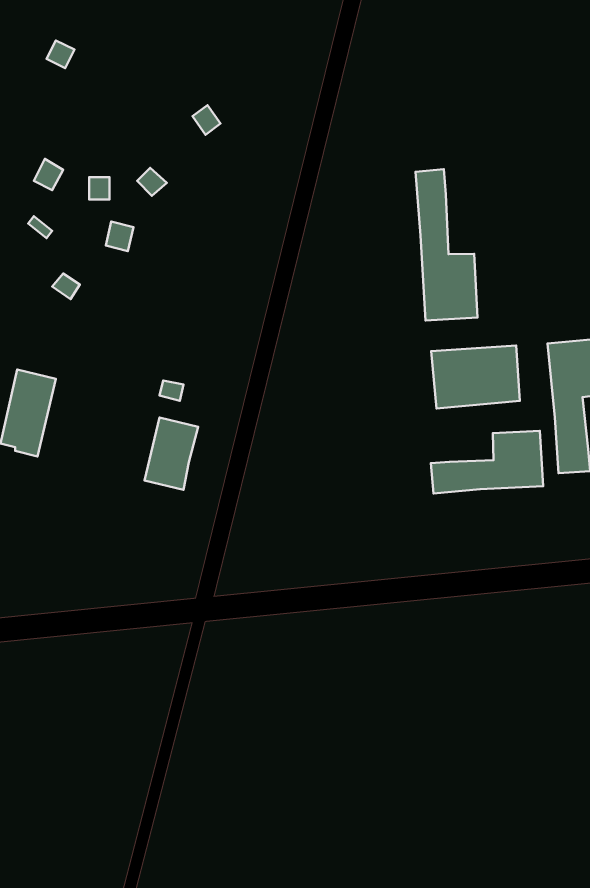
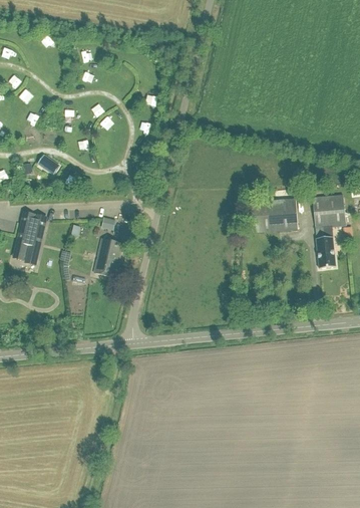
building: [415,169,478,320] -> none
building: [431,431,543,493] -> none

